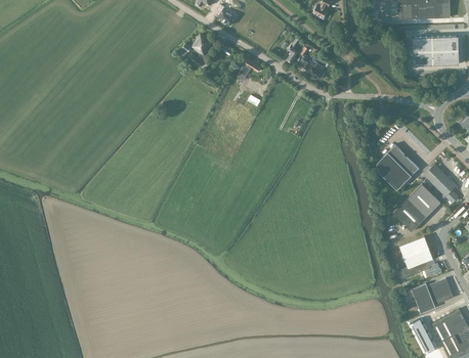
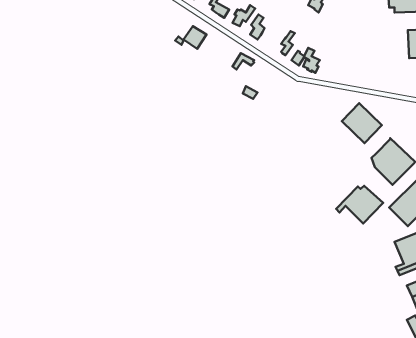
building: none -> [342,103,382,143]
building: none -> [336,186,383,224]

